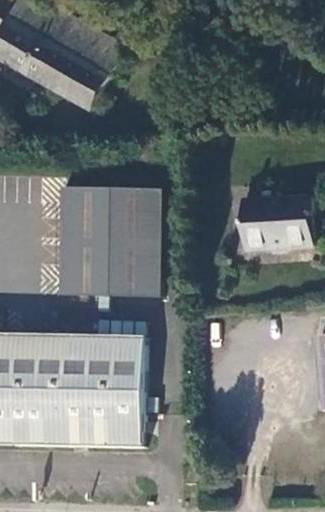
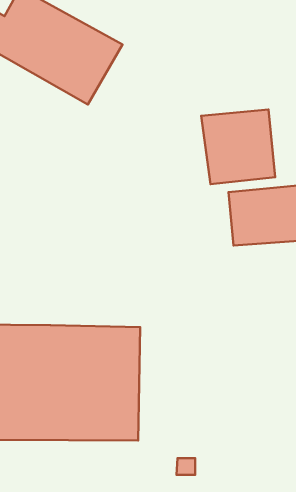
building: none -> [201,109,275,184]
building: [59,187,160,297] -> none

